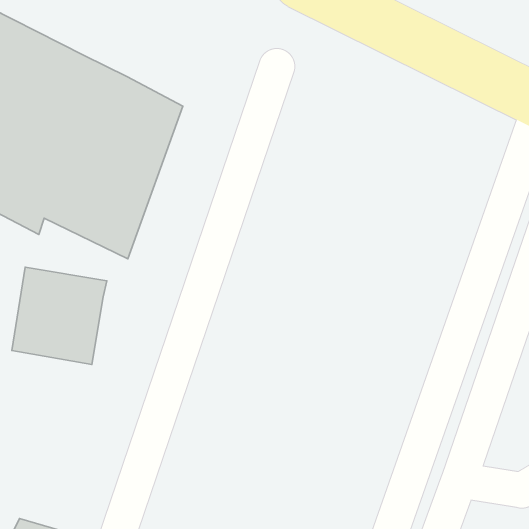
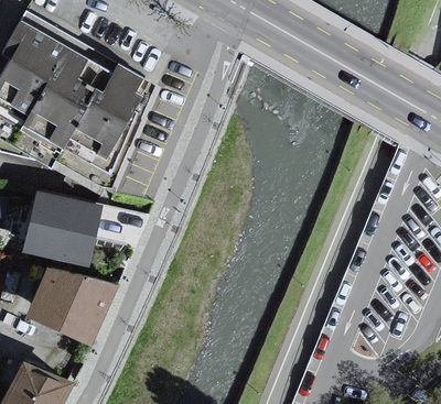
building: none -> [31,270,115,342]

